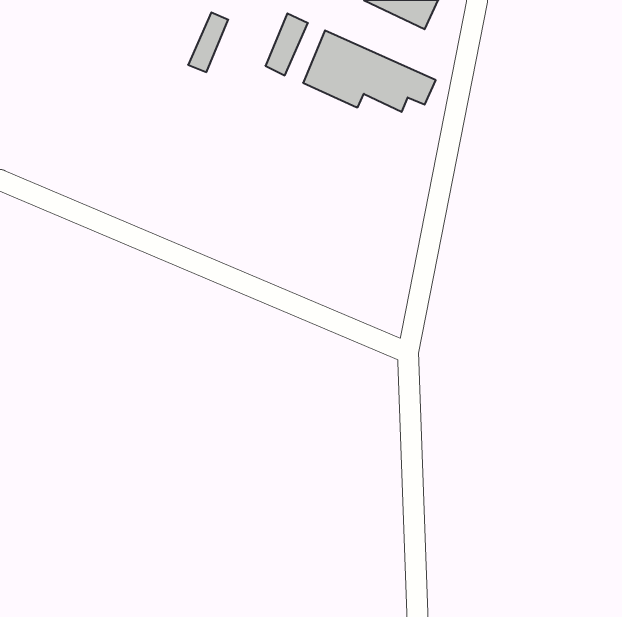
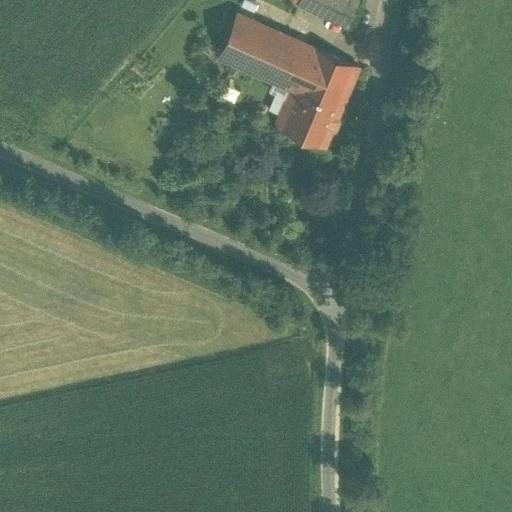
building: [188,12,228,72] -> [234,23,267,72]
building: none -> [278,81,349,148]

